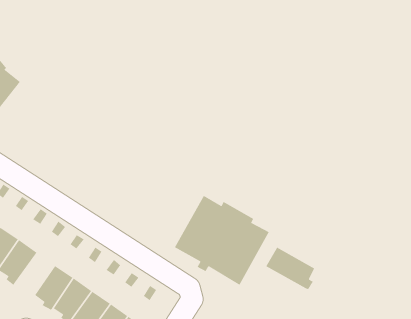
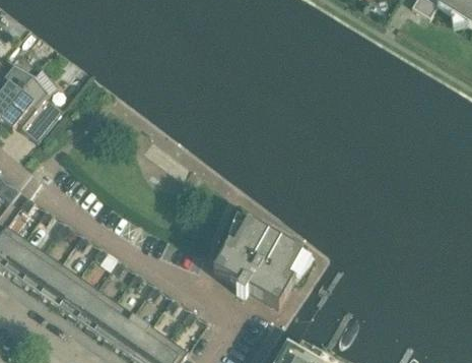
building: [265,247,315,290] -> none
building: none -> [57,275,95,319]

